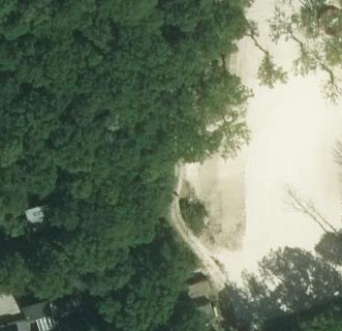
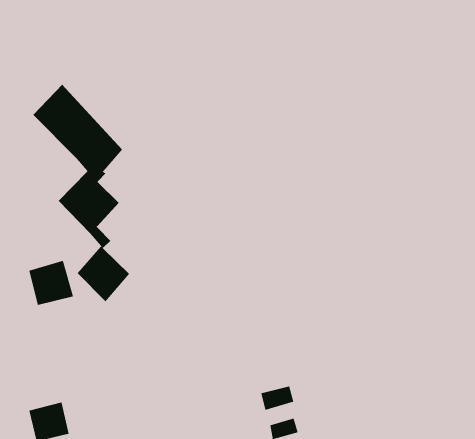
building: none -> [32,84,130,302]

